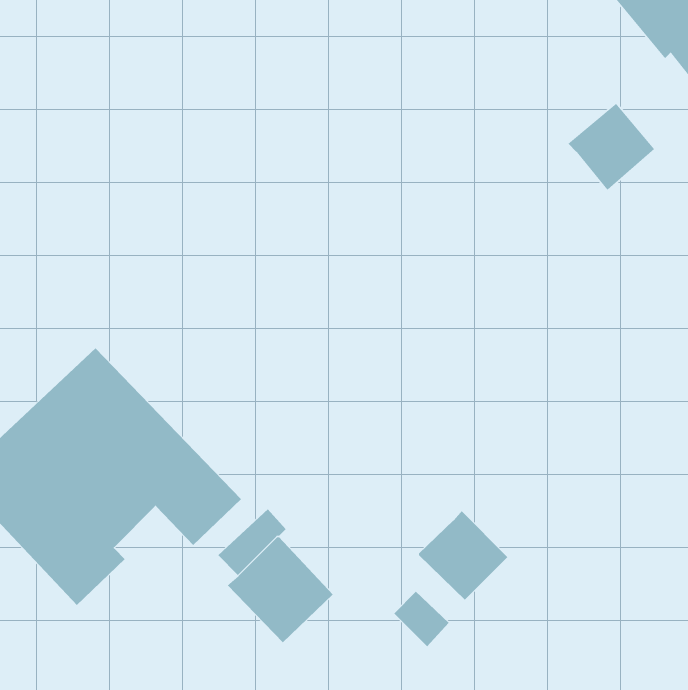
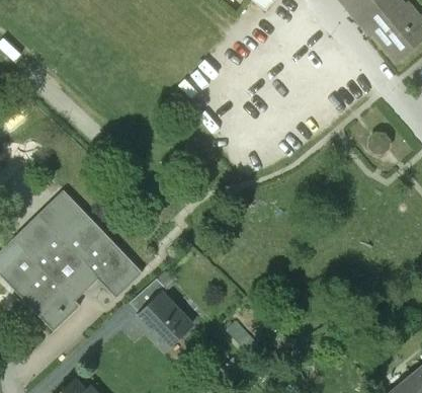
building: [568,103,655,190] -> none
building: [418,510,508,600] -> none

